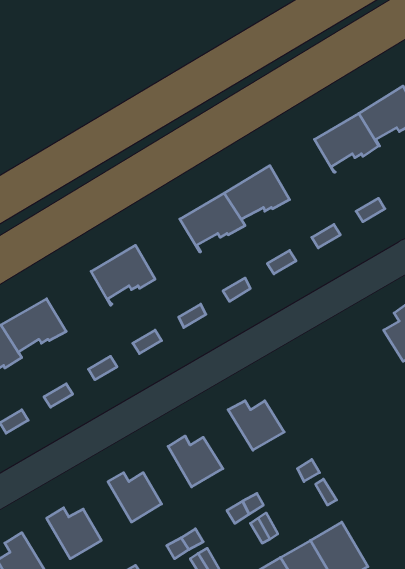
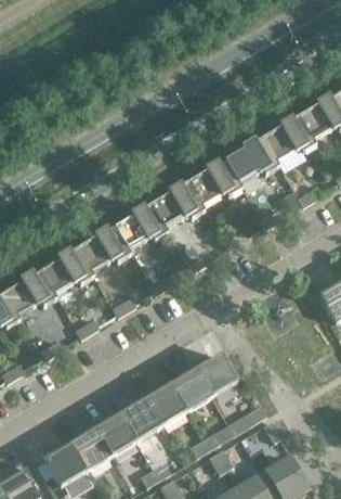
building: none -> [225,138,278,188]
building: none -> [114,204,167,254]
building: none -> [40,247,93,297]
building: none -> [170,362,211,411]
building: none -> [120,393,160,440]
building: none -> [70,422,110,471]

